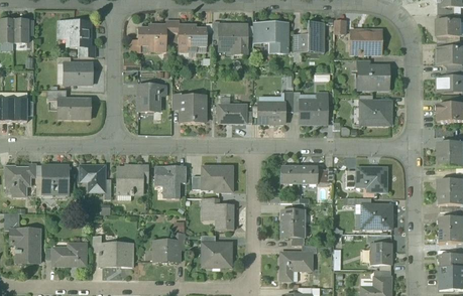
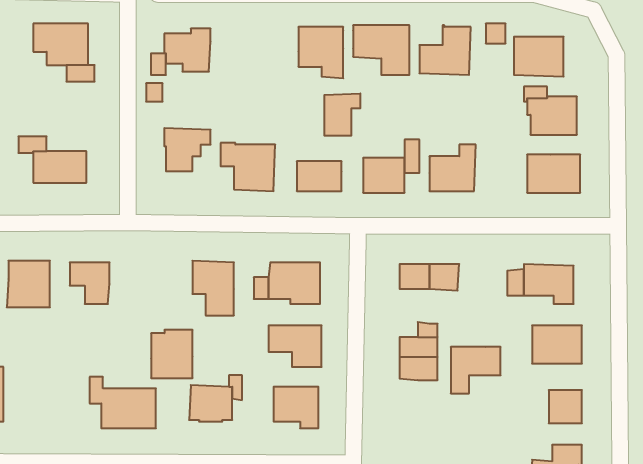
building: [178,23,206,50] -> none
building: [64,61,92,84] -> none
building: none -> [324,93,360,136]
building: [117,164,142,193] -> [151,330,193,378]
building: [51,243,86,265] -> none
building: [280,252,311,280] -> [451,347,501,393]

